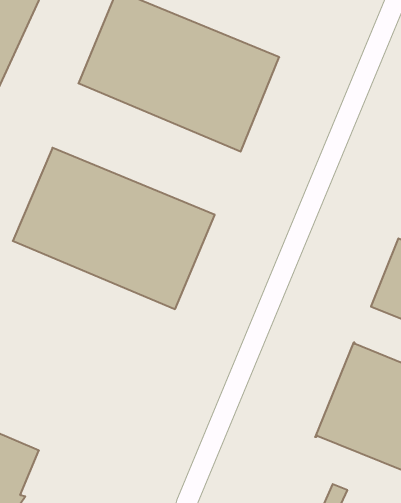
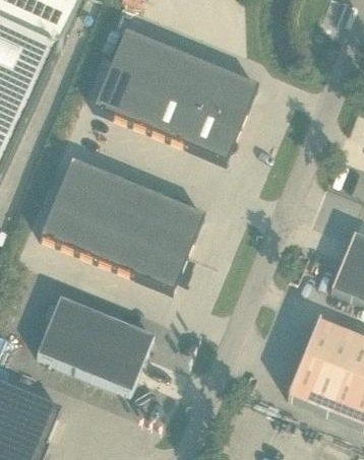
building: none -> [37,297,154,391]

